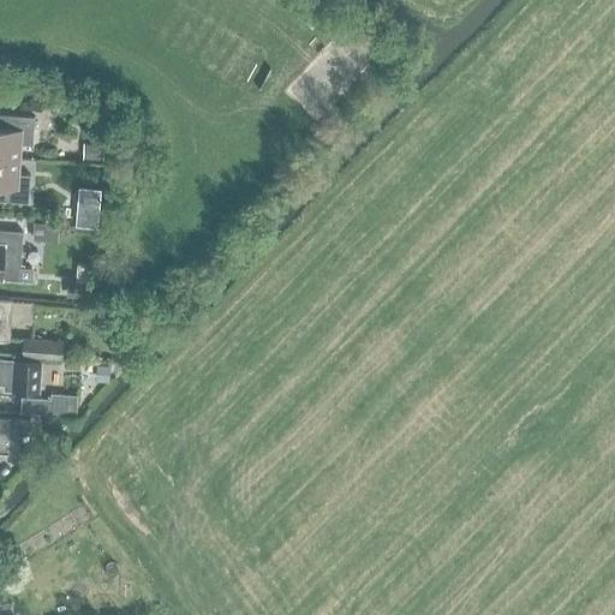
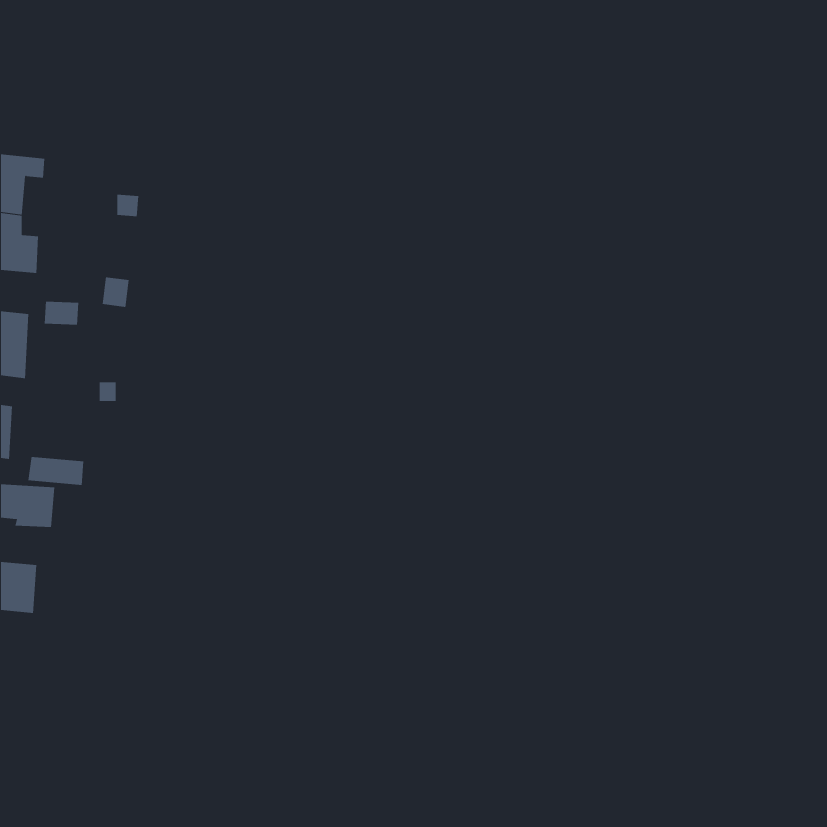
building: [20,394,76,416] -> none

